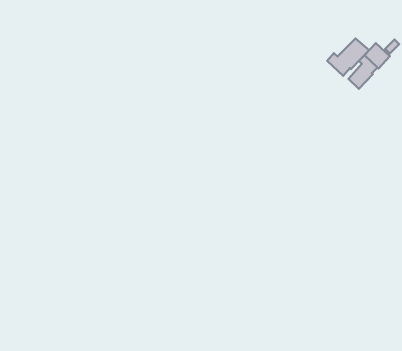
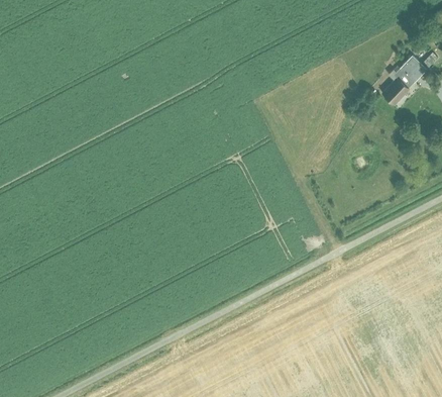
building: [327,38,369,76] -> none

